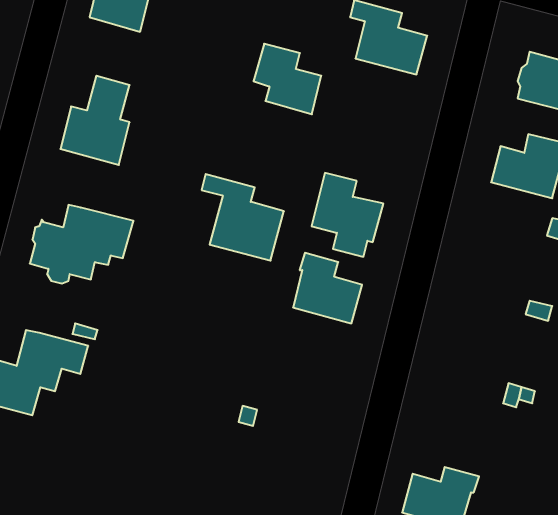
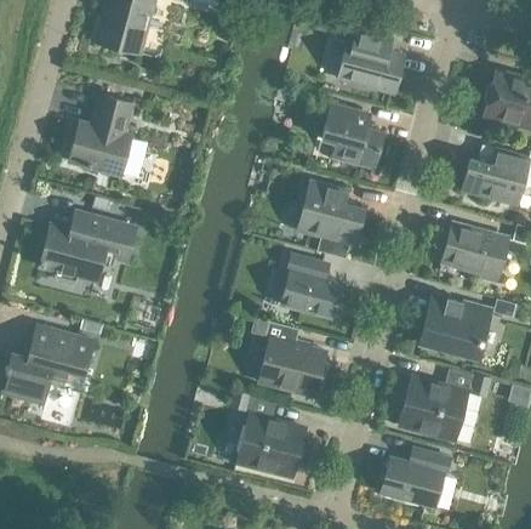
building: [253,44,321,114] -> [321,104,383,169]
building: [202,174,284,261] -> [251,318,326,397]
building: none -> [442,222,508,280]
building: none -> [421,294,490,357]
building: none -> [399,376,468,439]
building: none -> [236,414,306,477]

